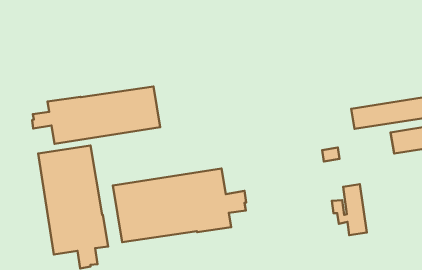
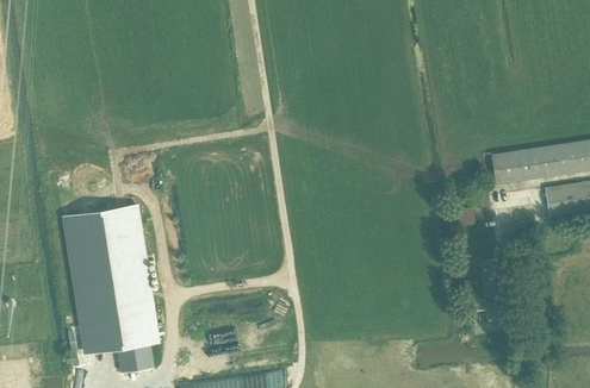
building: [32,86,160,144] -> none
building: [113,169,246,242] -> none

